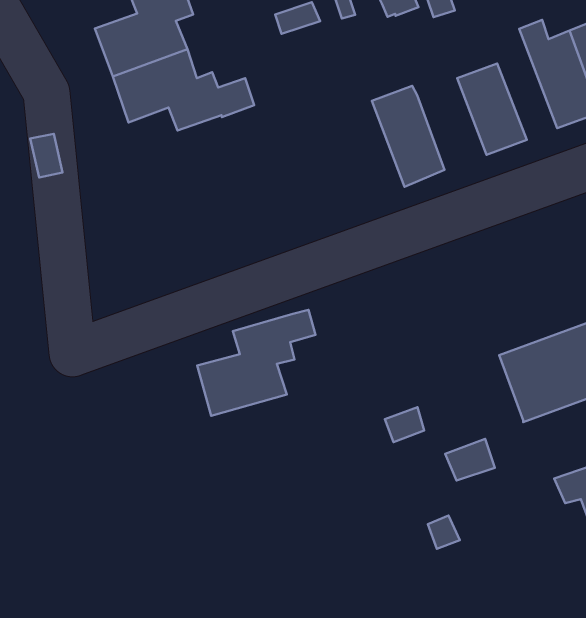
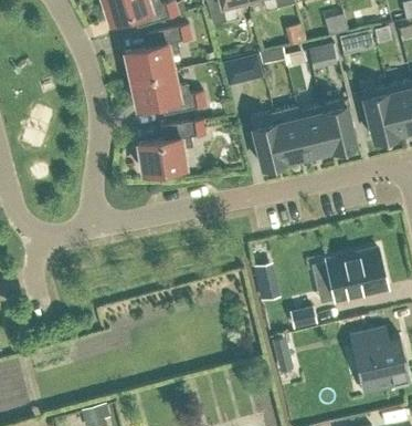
building: none -> [298,106,332,156]
building: none -> [250,113,285,168]
building: [197,310,315,416] -> [138,122,205,174]

